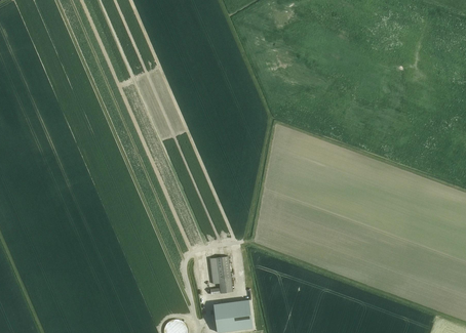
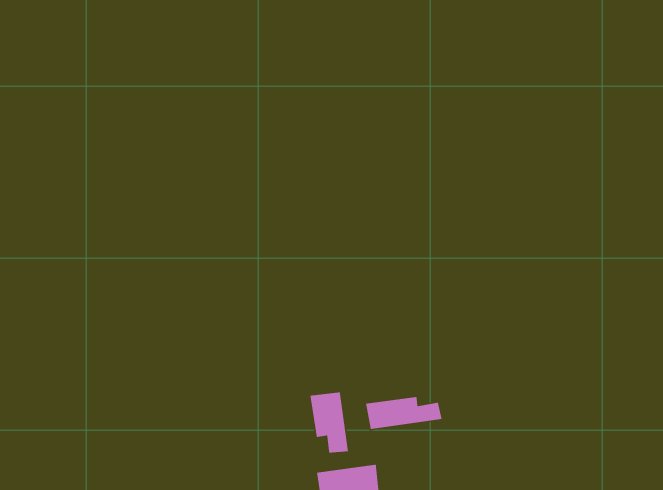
building: none -> [365,396,443,430]

